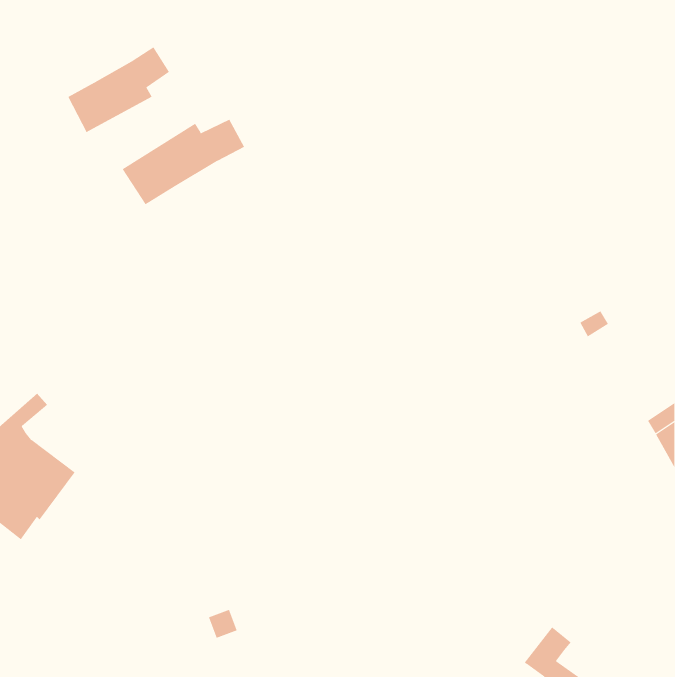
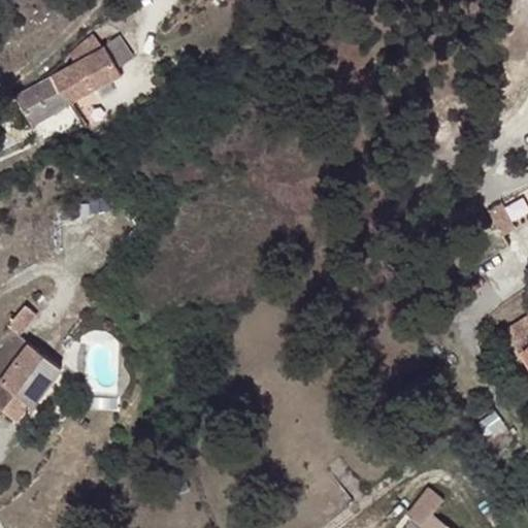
building: none -> [15,76,67,125]
building: [122,119,245,205] -> none

